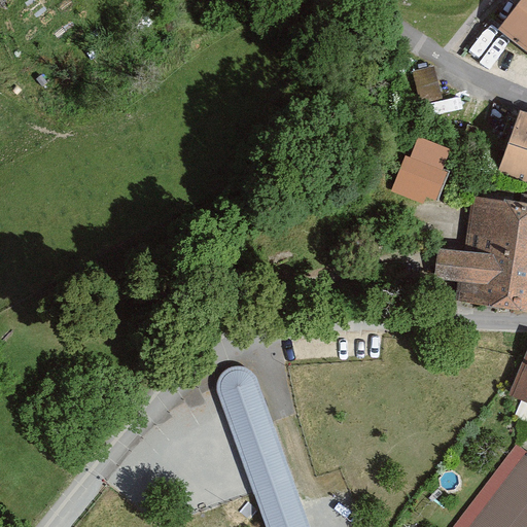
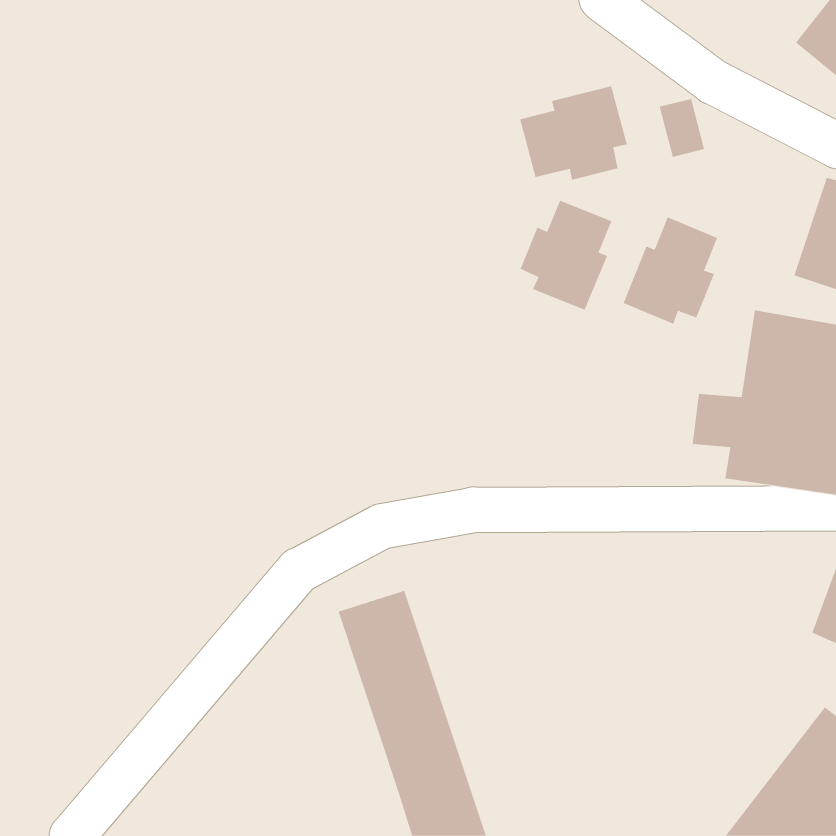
building: none -> [519,86,627,181]
building: none -> [520,200,612,311]

